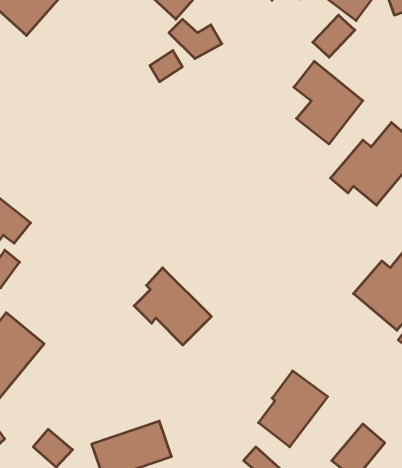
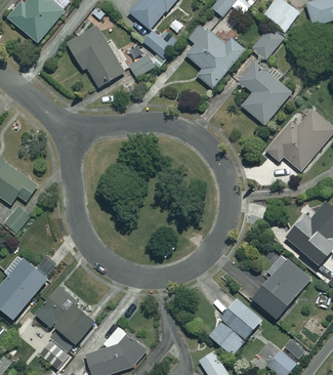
building: none -> [185,24,244,88]
building: none -> [66,27,124,87]
building: [134,268,211,345] -> [38,284,96,342]
building: none -> [253,256,310,317]

